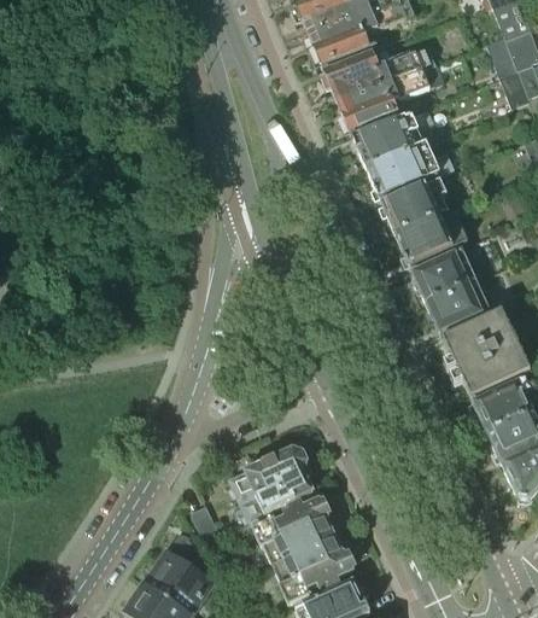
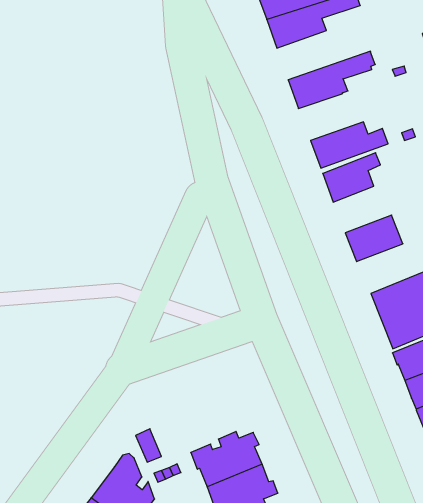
building: [326,46,437,103] -> none
building: [355,107,435,169] -> none
building: [397,216,469,268] -> none
building: [427,279,492,333] -> none
building: [229,448,314,521] -> none

